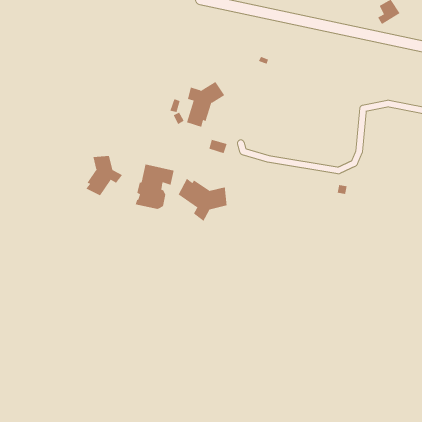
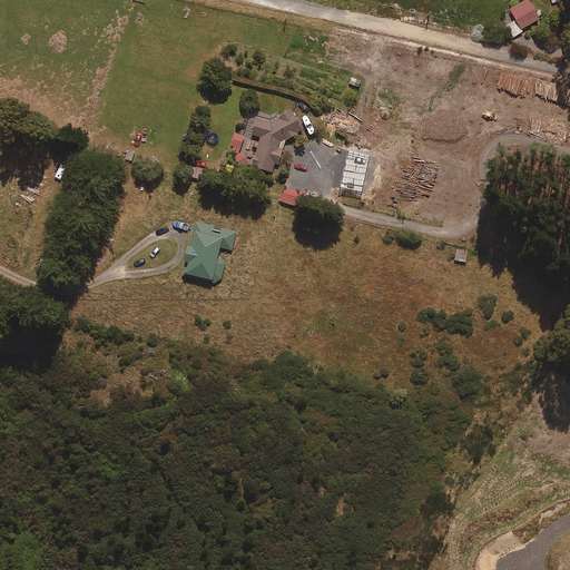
building: [86,155,123,196] -> none
building: [178,178,227,222] -> none

